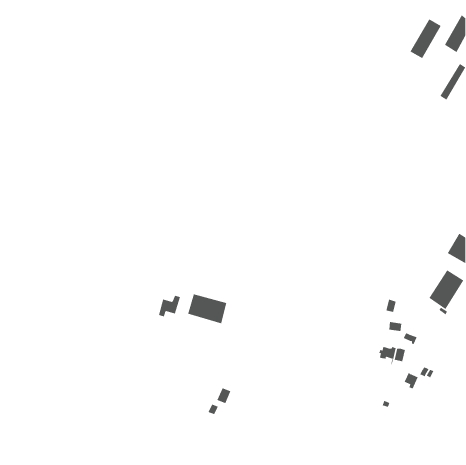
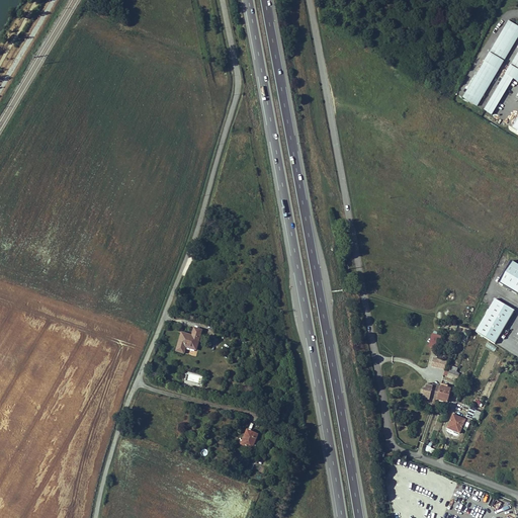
building: [410,19,442,59] -> [466,58,502,102]
building: [188,293,227,324] -> none

